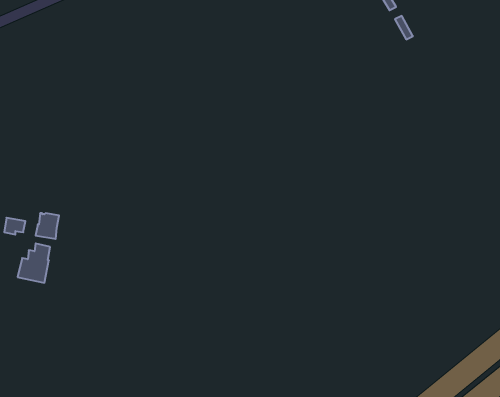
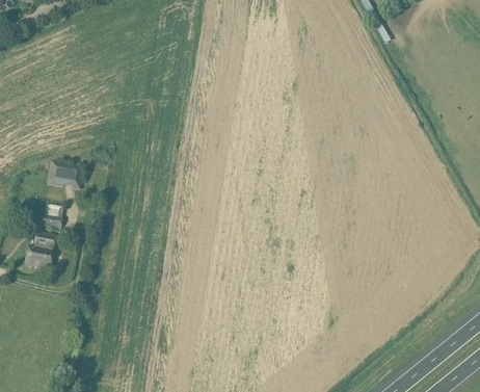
building: none -> [48,161,82,188]

